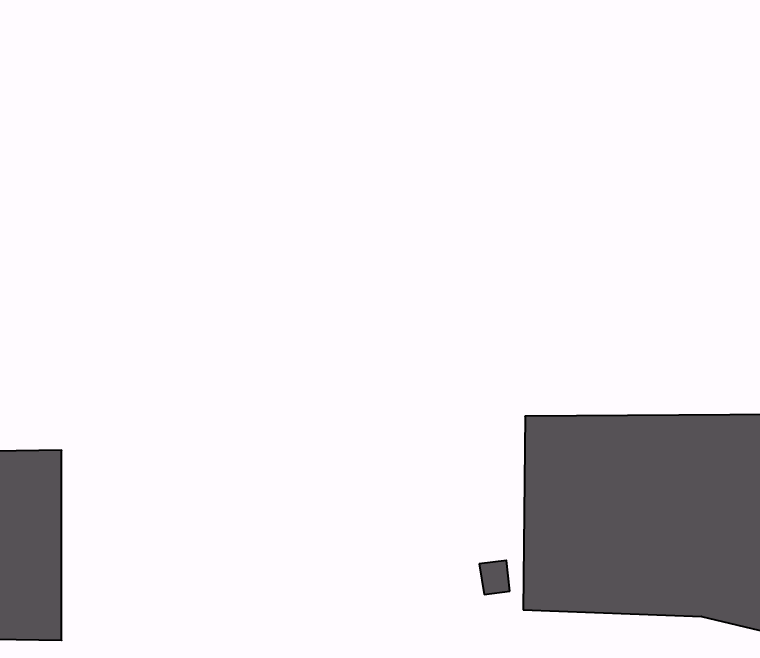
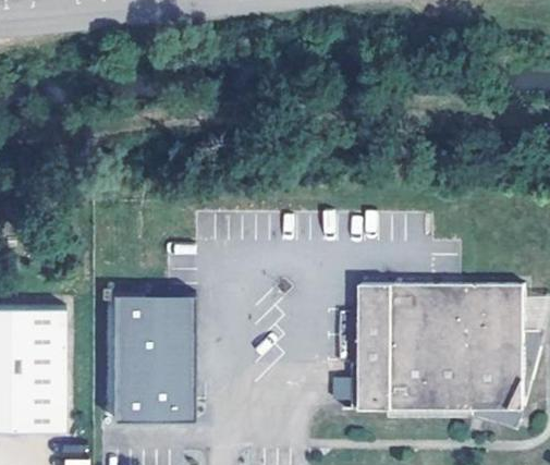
building: none -> [109,291,191,417]

